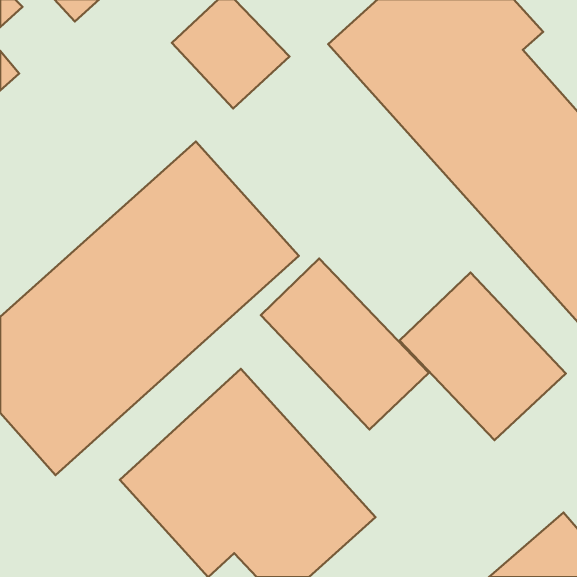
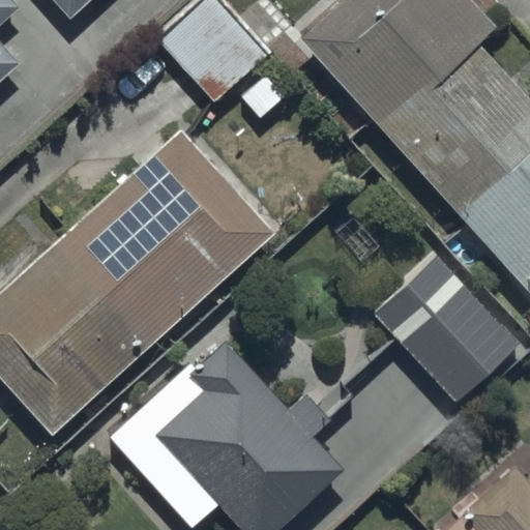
building: [261,258,429,429] -> none

